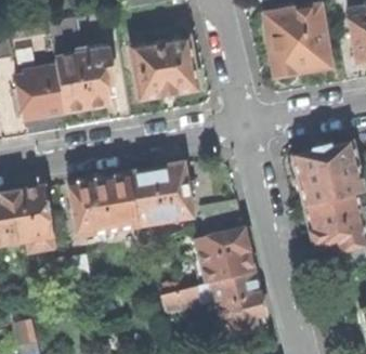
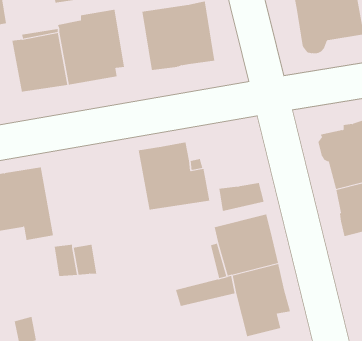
building: [67,170,138,235] -> none

